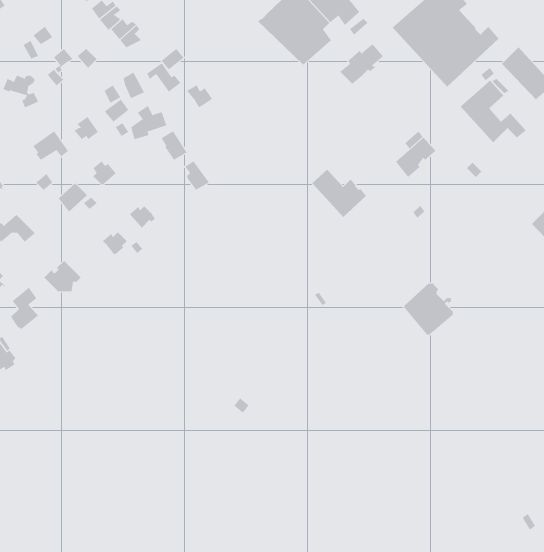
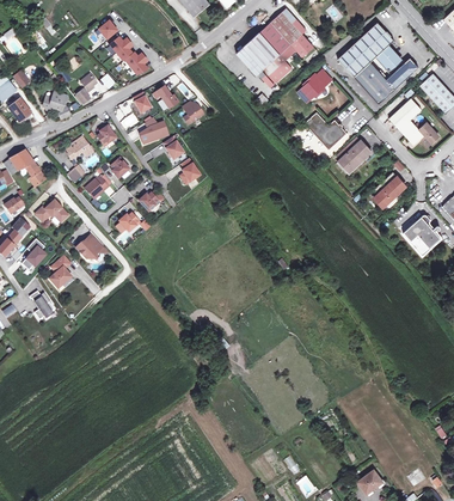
building: [311,169,367,218] -> [305,112,346,149]
building: none -> [374,172,406,212]
building: [403,283,455,335] -> [403,215,442,255]

